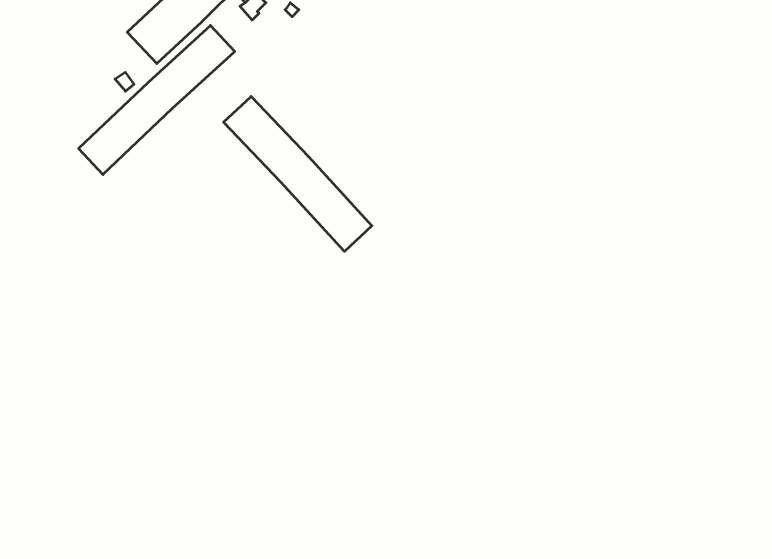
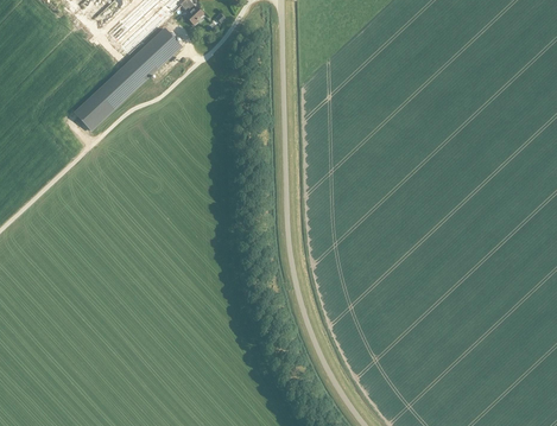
building: [224,96,372,251] -> none

